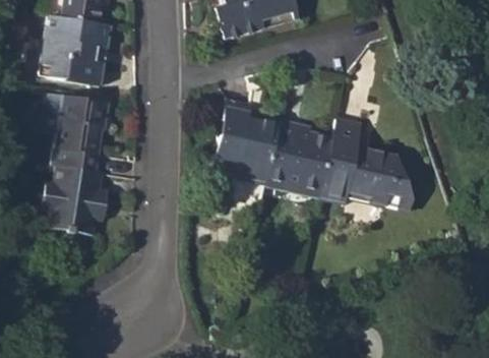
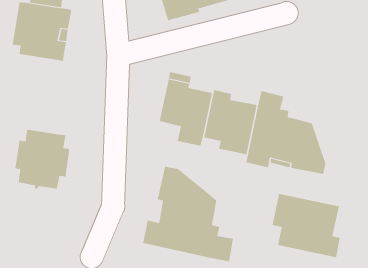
building: [42,92,110,171] -> none
building: none -> [143,166,234,262]
building: none -> [272,193,340,258]

